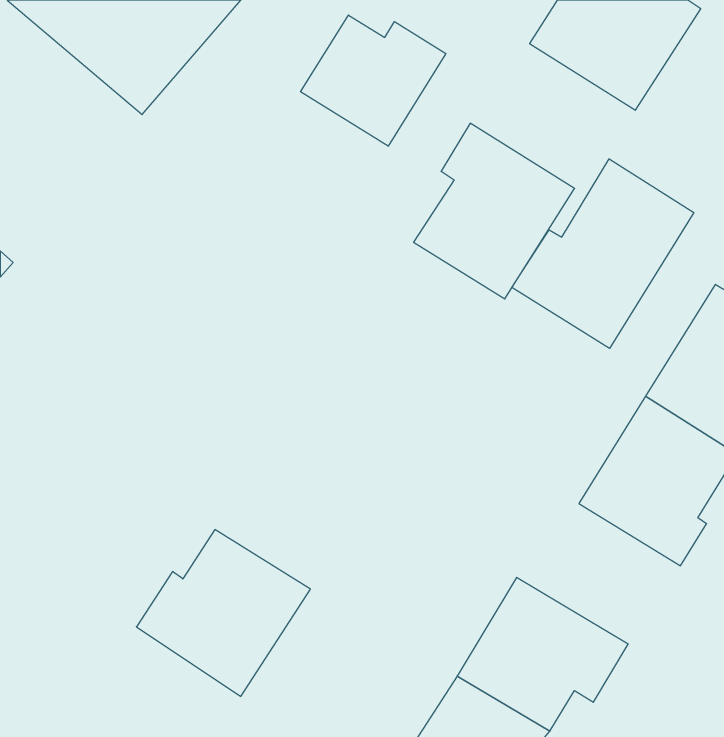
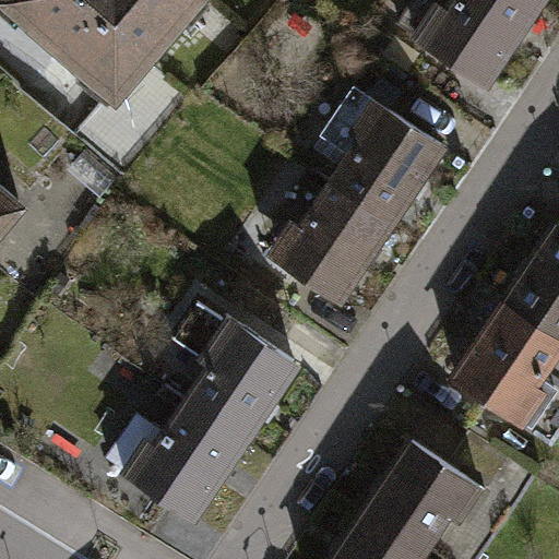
building: [301,15,446,146] -> none
building: [512,159,694,348] -> none
building: none -> [263,186,393,308]
building: none -> [175,316,300,447]

